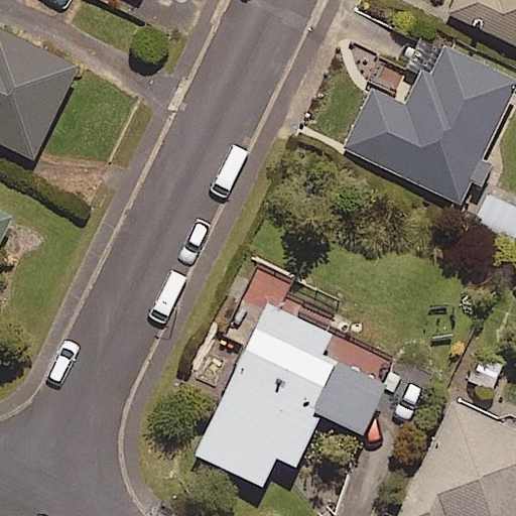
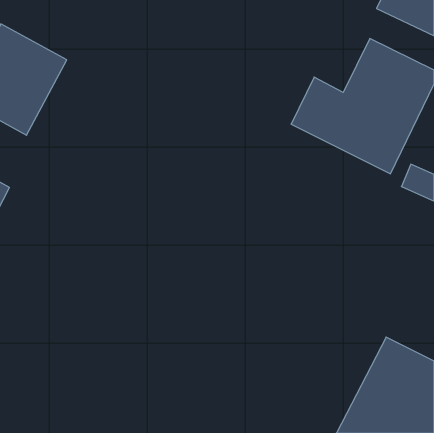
building: [196,302,397,487] -> none

